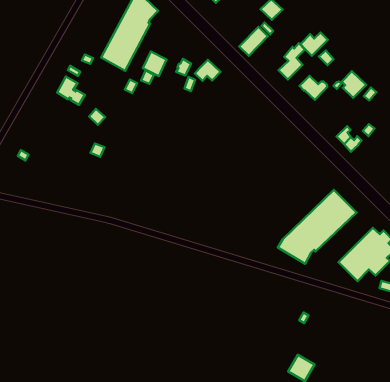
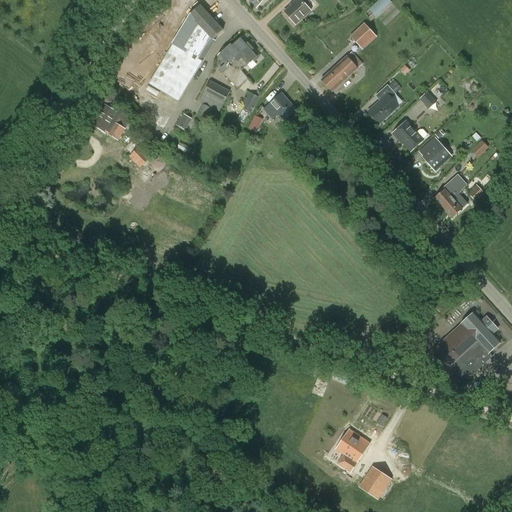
building: none -> [217,35,258,86]
building: [301,33,328,56] -> none
building: [342,71,366,98] -> [421,136,451,169]
building: [278,190,356,264] -> none
building: none -> [335,428,369,470]

